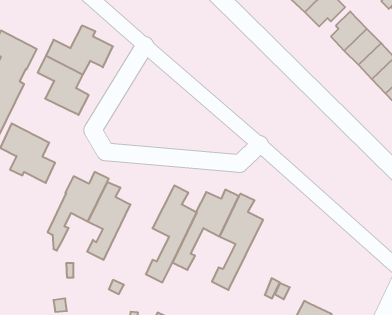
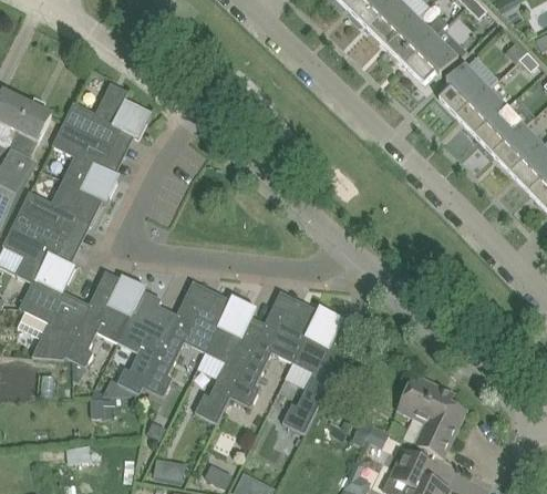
building: none -> [18,179,103,238]
building: none -> [19,277,90,359]
building: none -> [143,290,230,397]
building: none -> [398,374,466,456]

